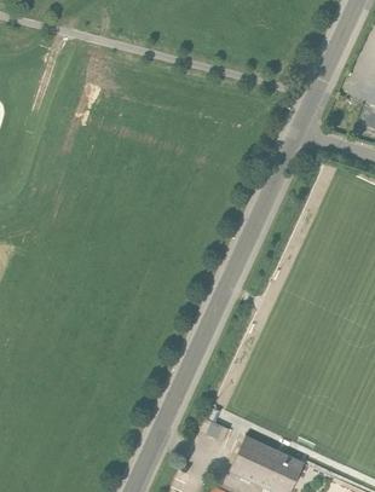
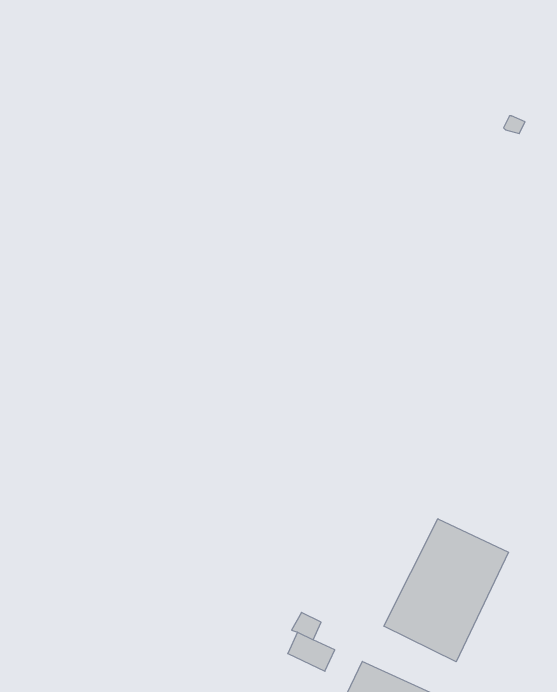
building: none -> [384,519,509,662]

